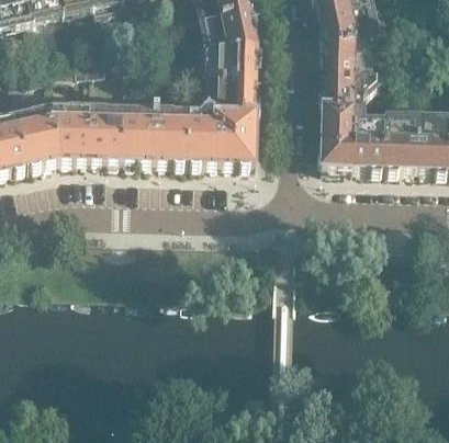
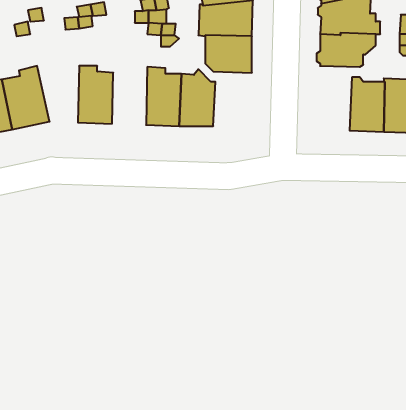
building: [205,100,257,161] -> none
building: [50,101,90,157] -> none
building: [321,102,361,164] -> none
building: [122,103,156,159] -> none

